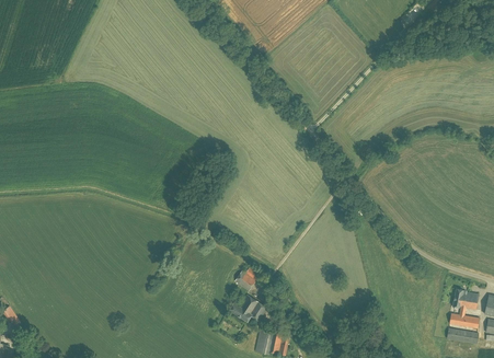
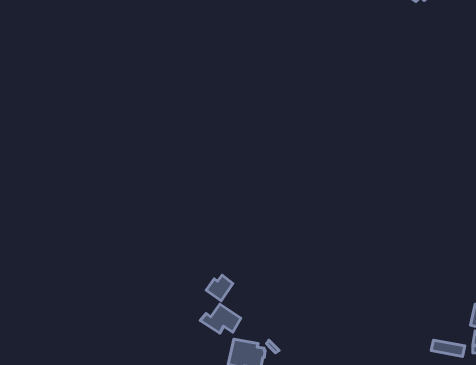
building: [449,289,480,328] -> none

